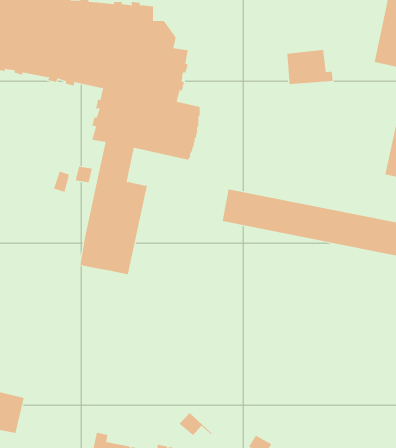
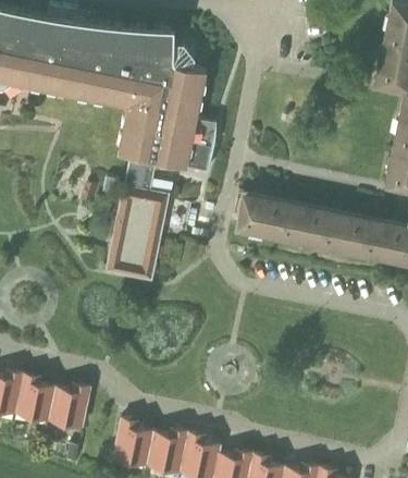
building: [287,49,333,85] -> none
building: none -> [49,389,91,430]

